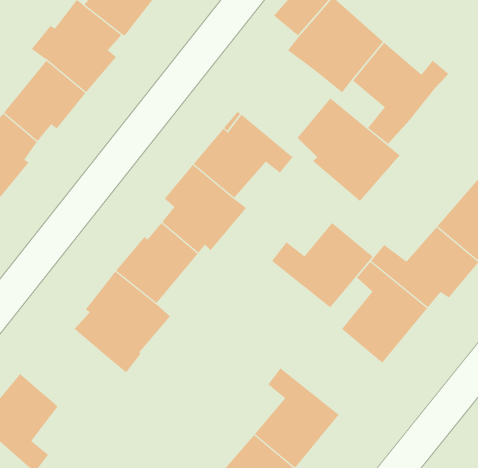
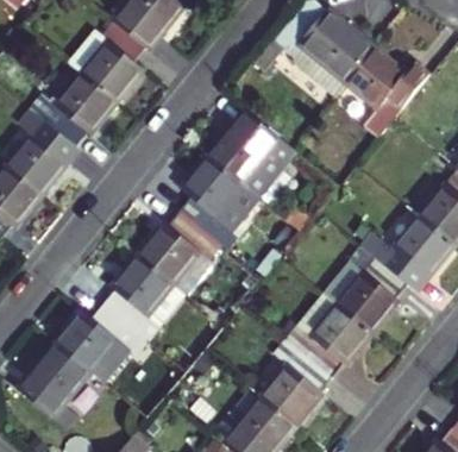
building: [297,97,401,202] -> none
building: [271,222,374,308] -> [282,301,370,375]
building: none -> [58,301,136,377]

